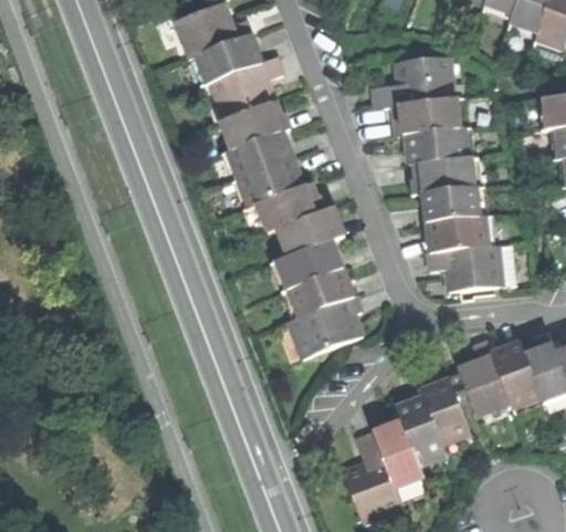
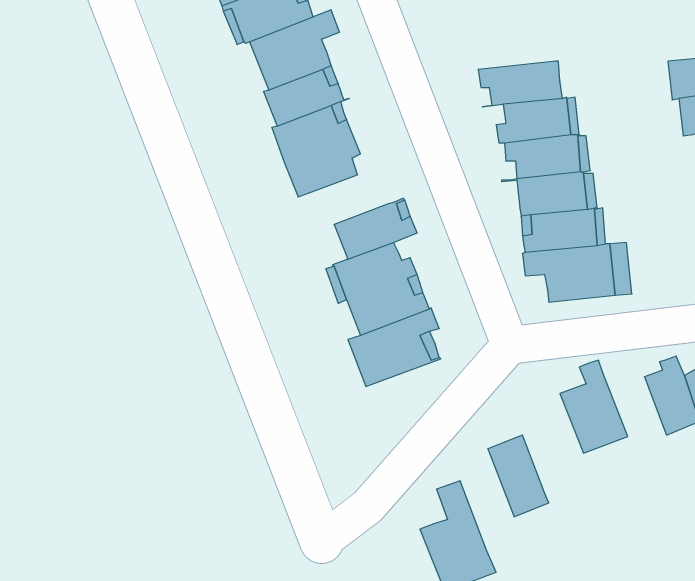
building: [371,54,453,106] -> none
building: [256,182,319,231] -> none
building: [491,336,539,401] -> none
building: [424,378,473,445] -> none
building: [377,421,426,488] -> none

